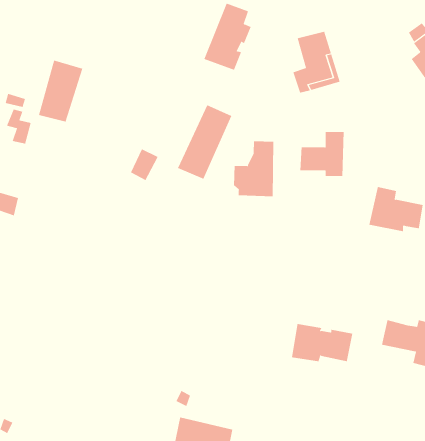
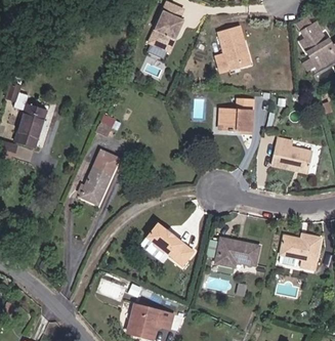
building: [38,60,83,122] -> [14,101,47,146]
building: [177,104,232,179] -> [79,150,119,204]
building: [233,140,274,197] -> none
building: none -> [145,220,192,261]

